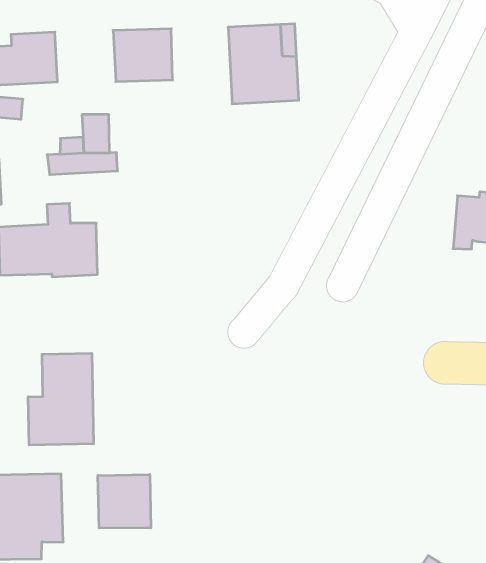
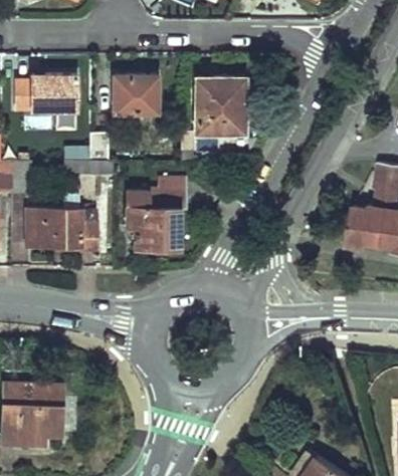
building: none -> [126,177,186,249]
building: [28,353,93,445] -> none
building: [98,474,151,528] -> none

